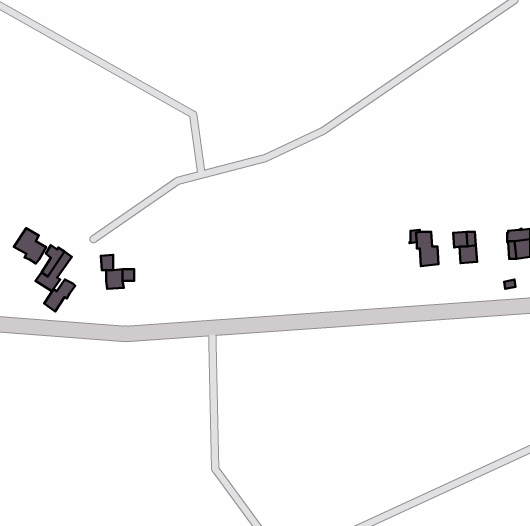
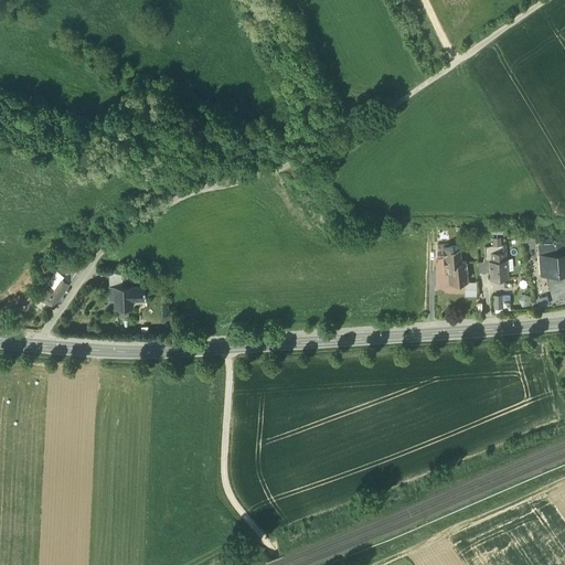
building: [14,228,46,264] -> none
building: [44,279,75,312] -> none

